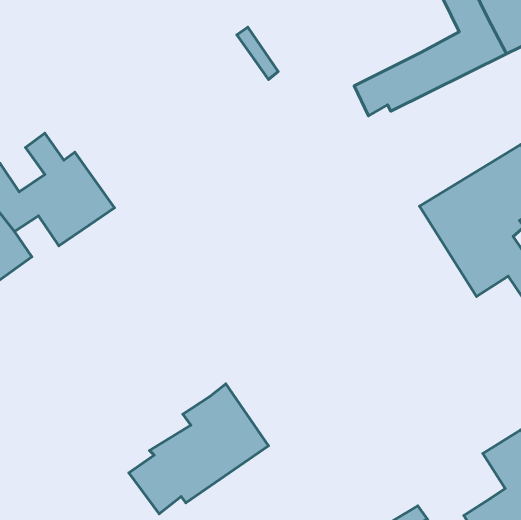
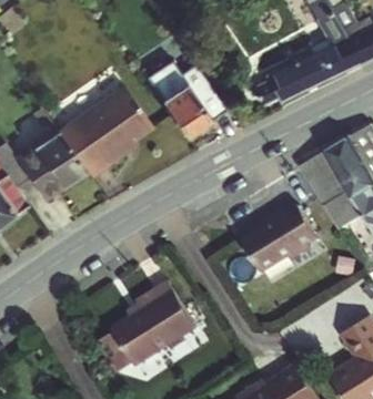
building: none -> [140,57,224,134]
building: none -> [57,81,150,172]
building: none -> [238,205,317,273]

